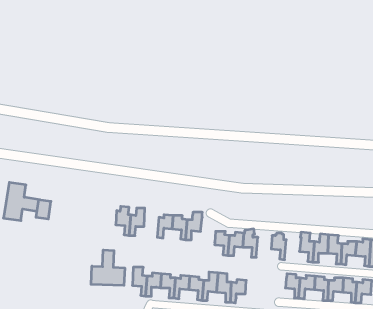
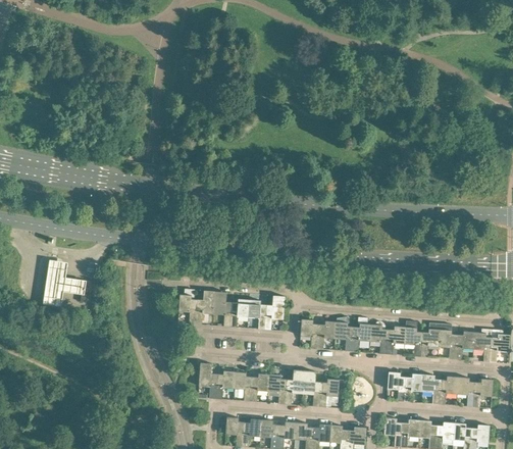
building: none -> [213,291,232,327]
building: none -> [351,317,370,352]
building: none -> [386,326,406,354]
building: [91,250,125,285] -> none

